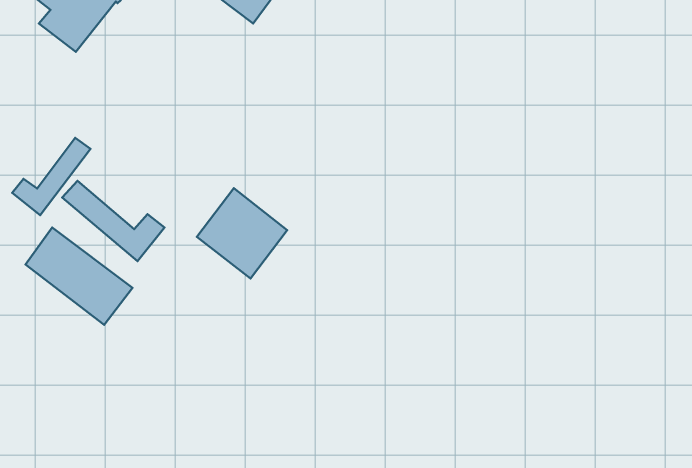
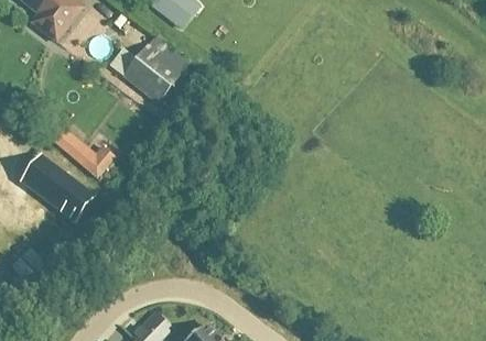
building: [12,138,91,215] -> none
building: [197,188,287,279] -> [123,44,183,103]

